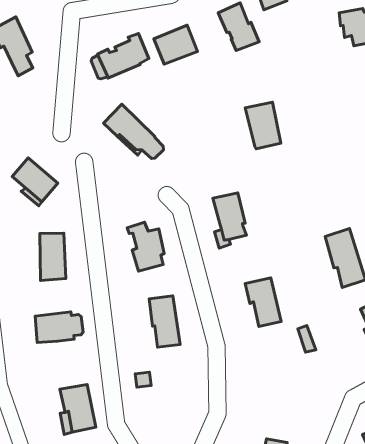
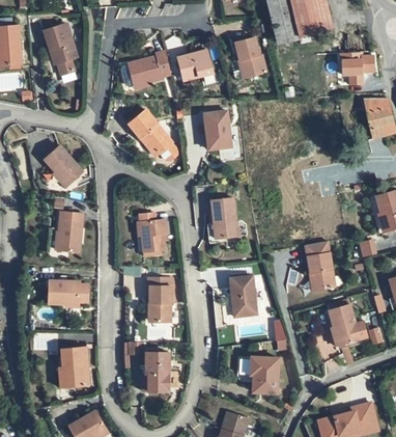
building: [245,102,281,149] -> [200,110,227,148]
building: none -> [251,356,279,390]
building: none -> [146,354,170,392]

